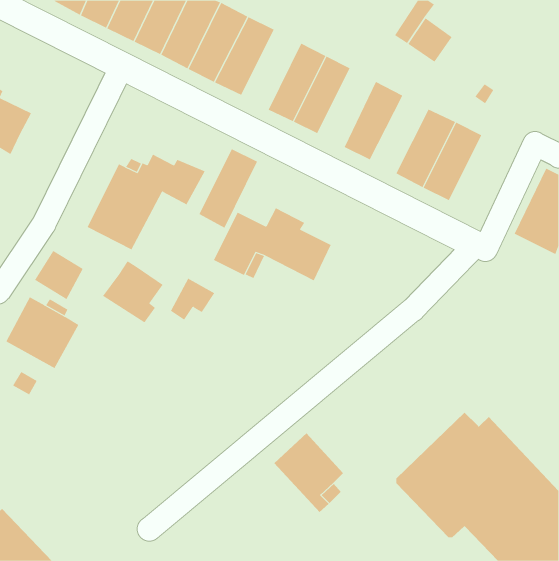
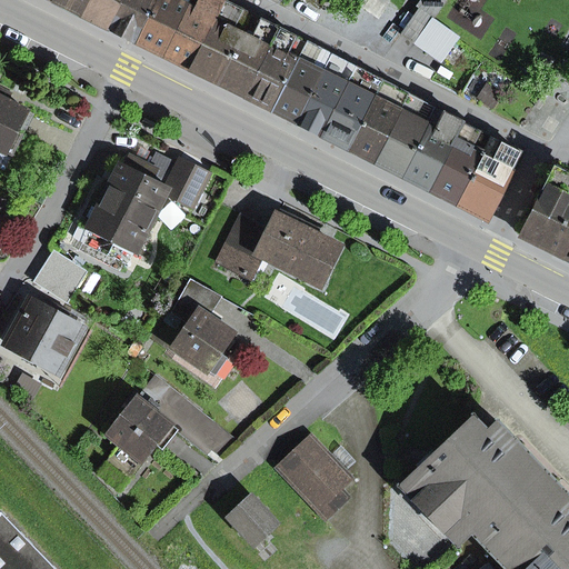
building: none -> [321,69,380,149]
building: none -> [375,97,433,176]
building: none -> [455,137,518,219]
building: [198,148,258,229] -> [244,30,305,111]
building: [102,261,164,323] -> [170,311,232,375]
building: none -> [97,377,234,490]
building: none -> [224,496,277,548]

